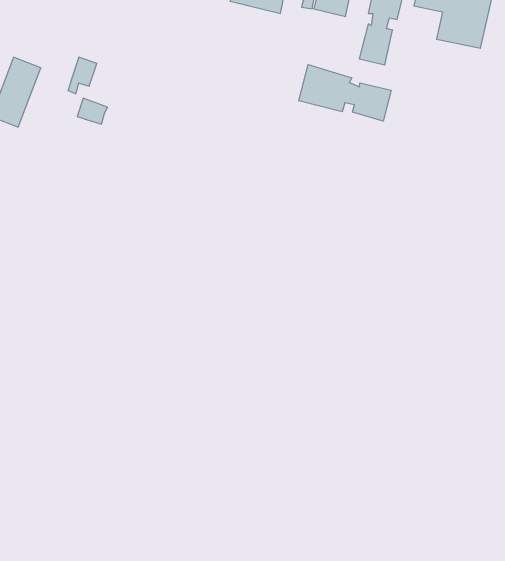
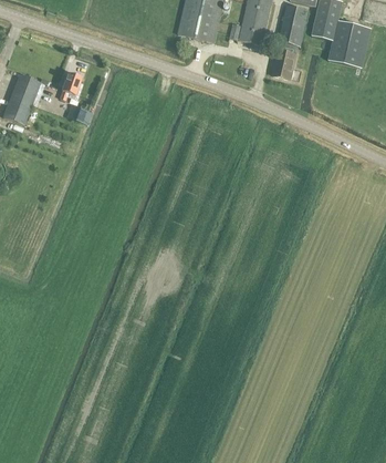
building: [299,65,391,121] -> none

